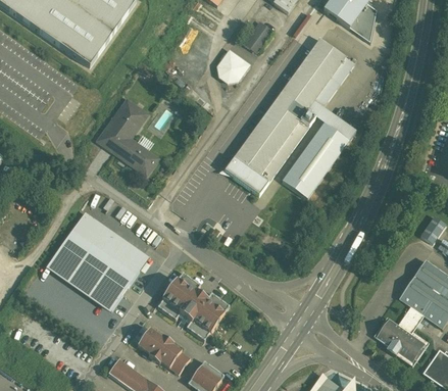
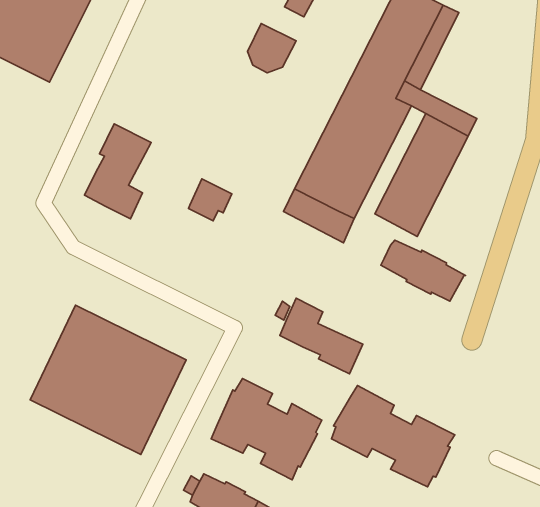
building: [127,145,155,173] -> [189,179,232,221]
building: none -> [381,240,465,301]
building: none -> [280,298,363,374]
building: none -> [331,386,455,487]

